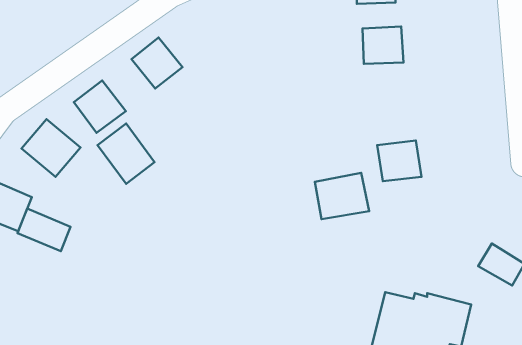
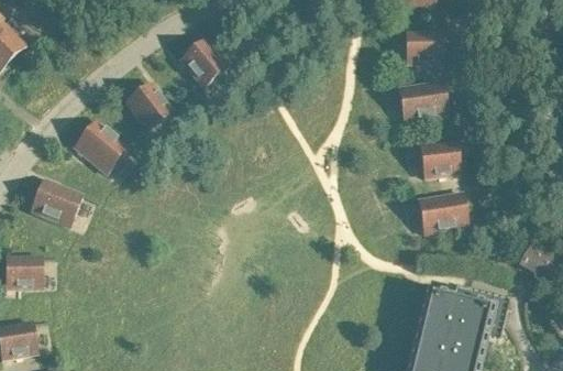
building: none -> [398,80,449,123]
building: [98,124,155,184] -> none
building: [315,173,369,219] -> [417,190,470,236]
building: [17,209,71,251] -> none

